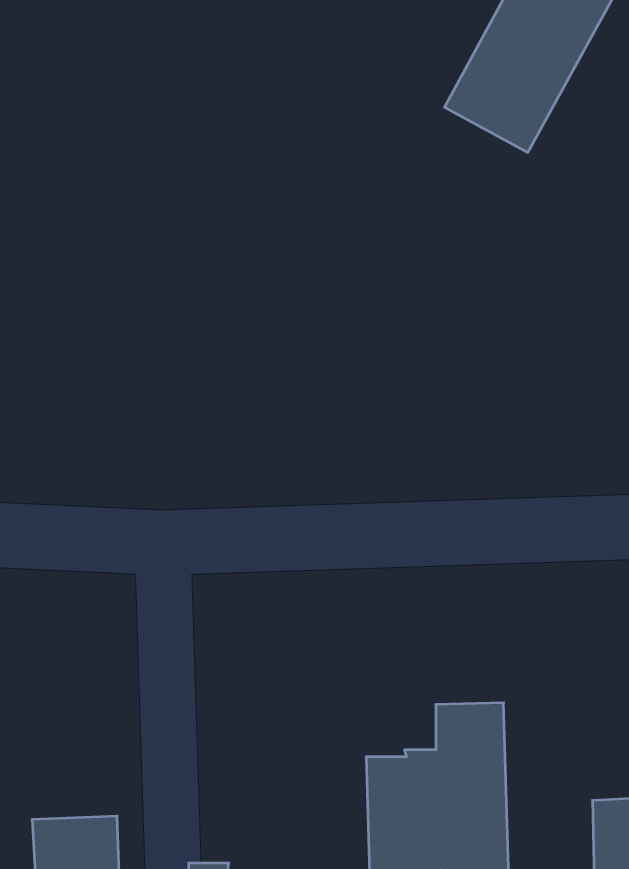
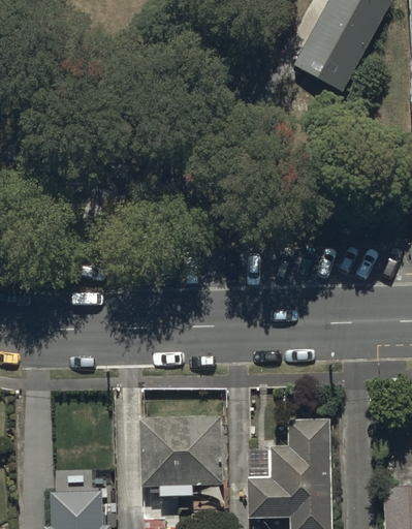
building: none -> [139,410,224,500]

